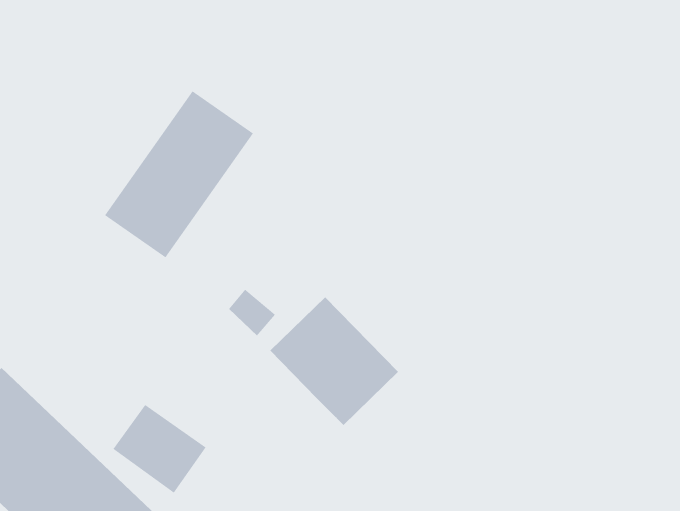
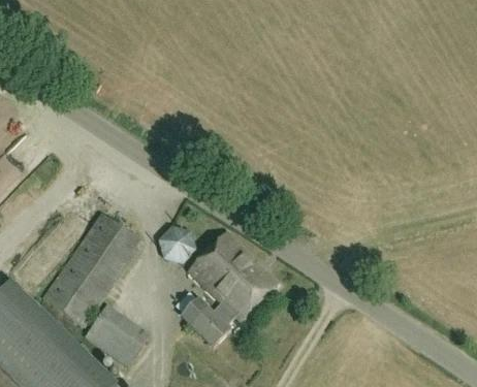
building: [104,90,254,258] -> [42,213,142,325]
building: none -> [180,297,234,347]

